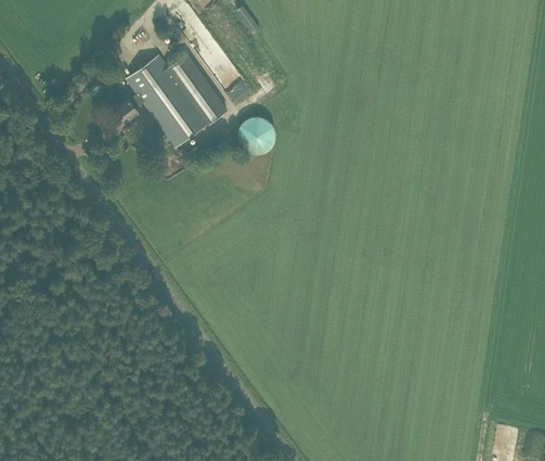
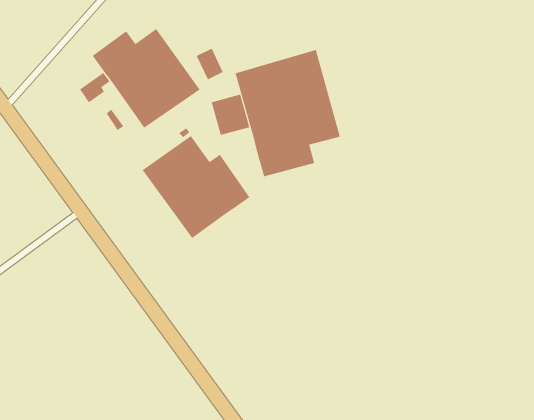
building: none -> [235,49,340,177]
building: none -> [142,135,250,239]

